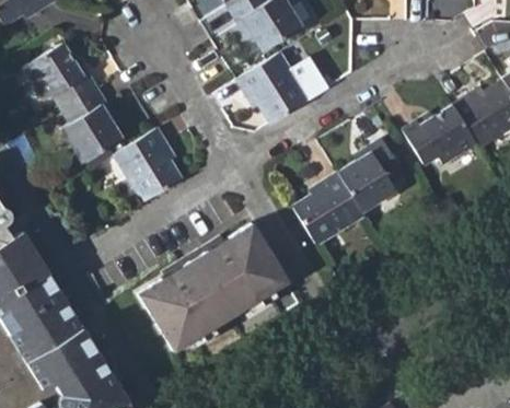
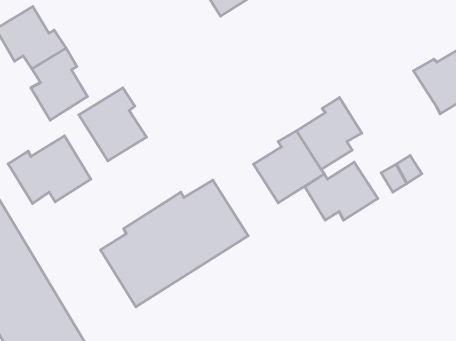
building: [235,54,325,125] -> none
building: [405,109,479,168] -> [305,162,378,220]
building: none -> [8,136,91,203]

